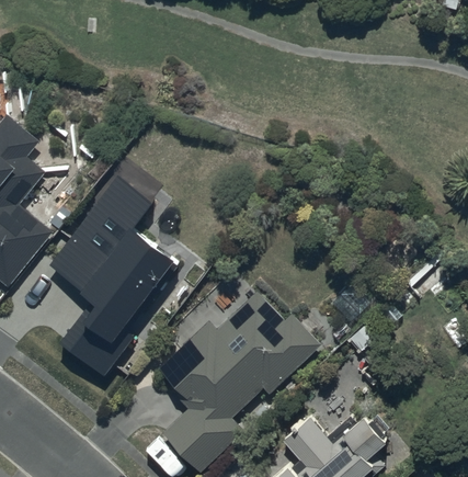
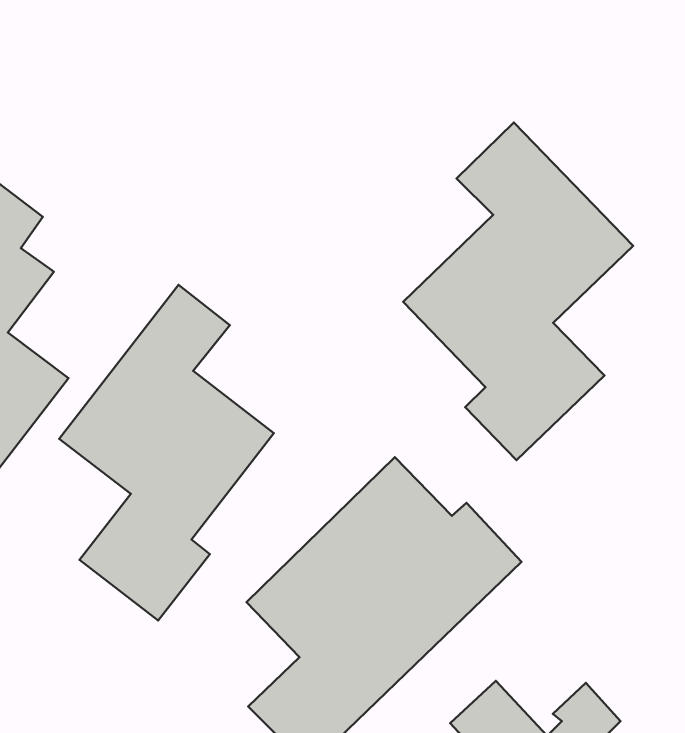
building: none -> [403,123,633,460]

